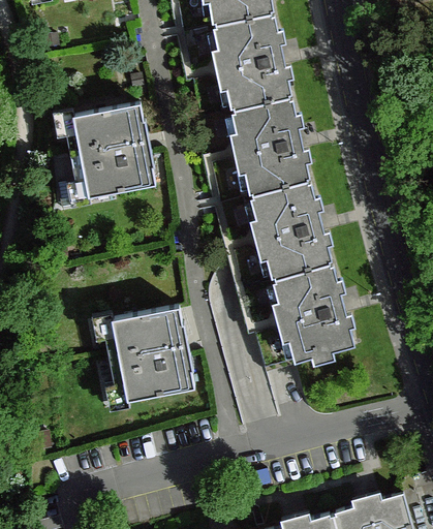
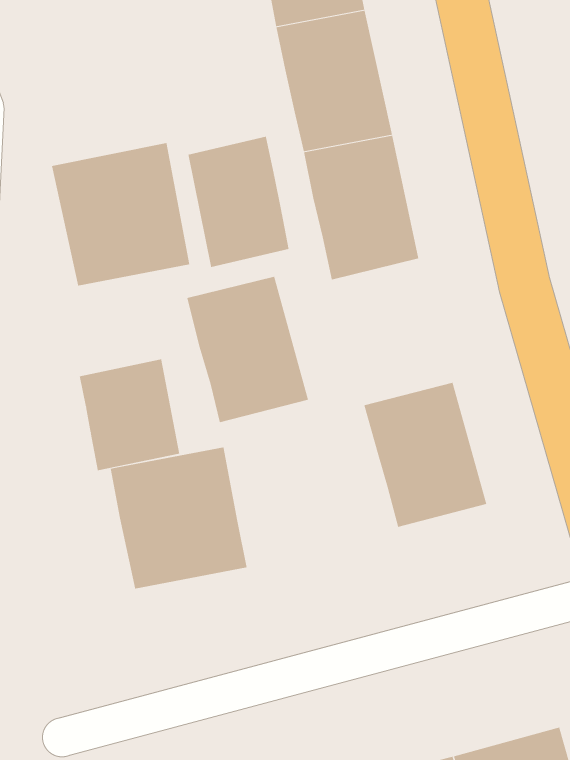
building: none -> [188,136,289,268]
building: [249,180,331,278] -> [187,276,309,423]
building: none -> [79,359,180,471]

